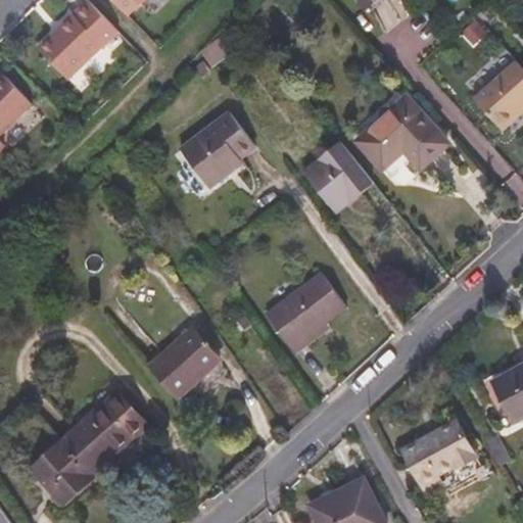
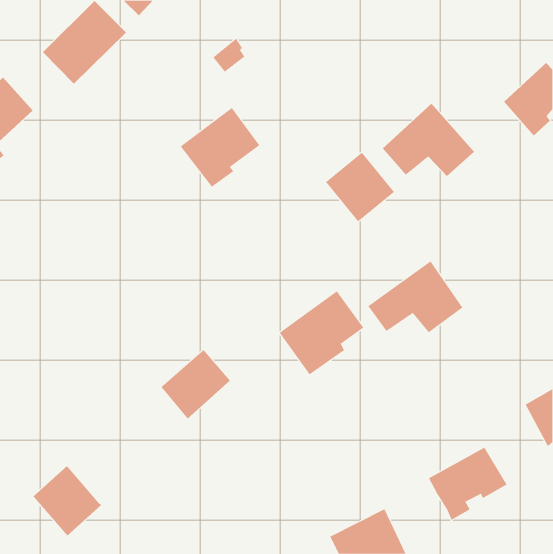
building: none -> [368,260,463,333]
building: [63,390,148,474] -> none

